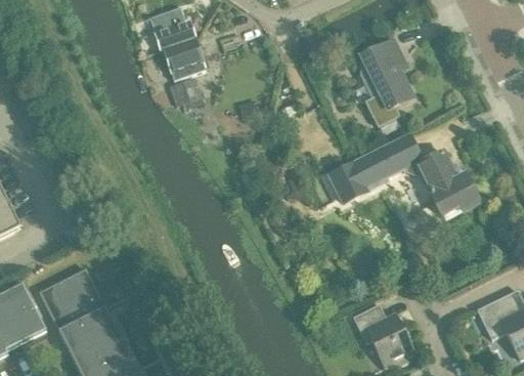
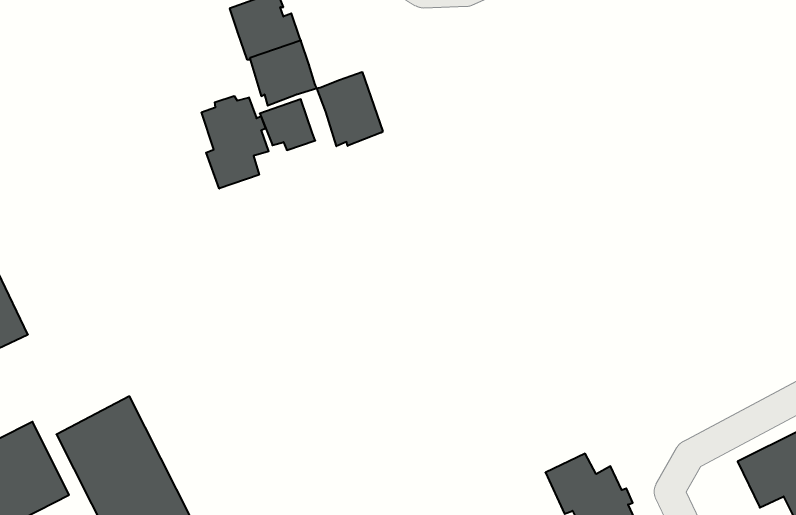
building: [365,39,410,125] -> none
building: none -> [317,72,383,146]
building: none -> [202,96,269,189]
building: [330,133,479,214] -> none

